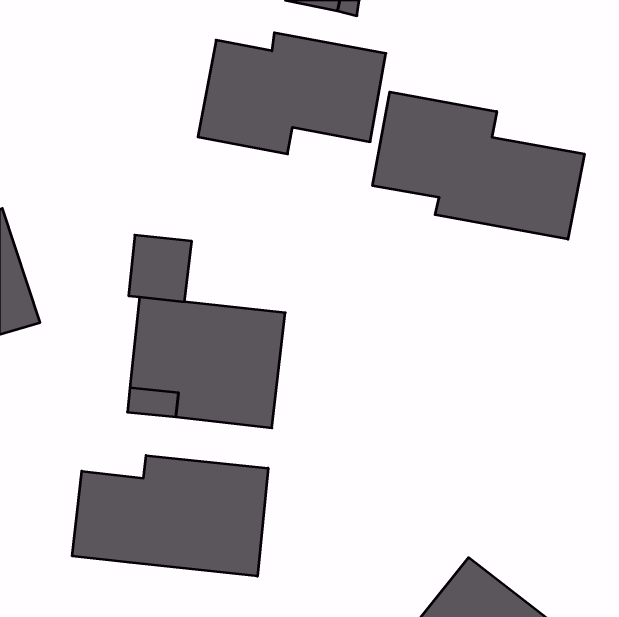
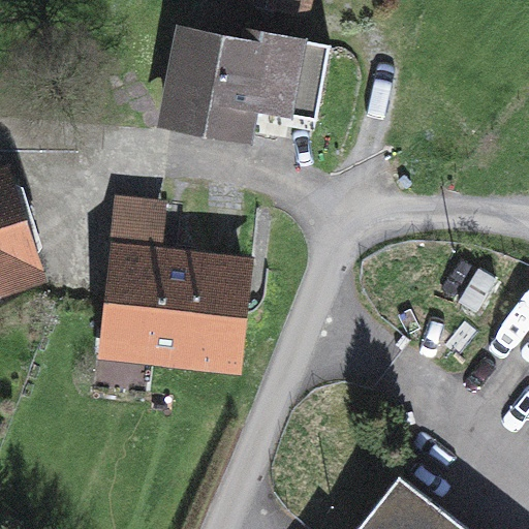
building: [373,92,584,239] -> none
building: [72,455,268,576] -> none

